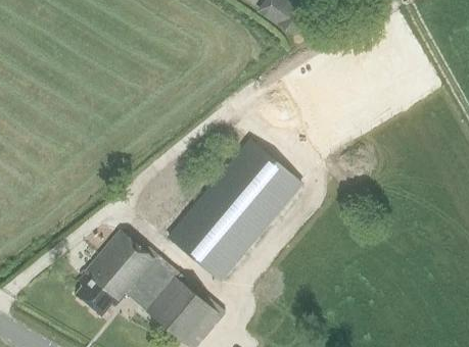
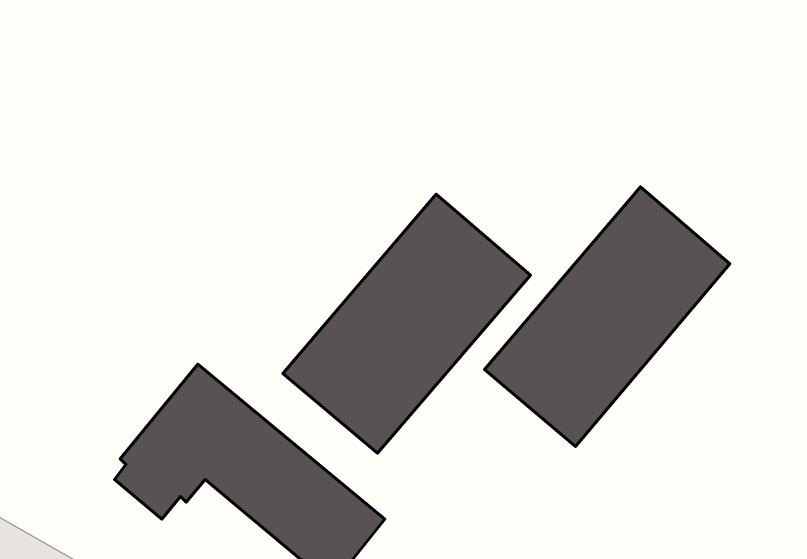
building: none -> [485,187,730,446]

